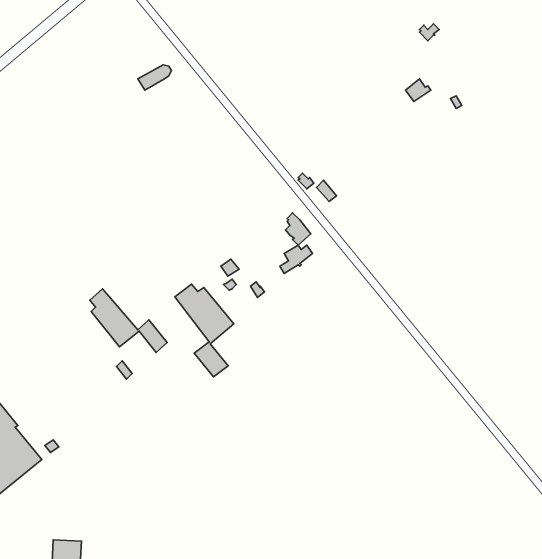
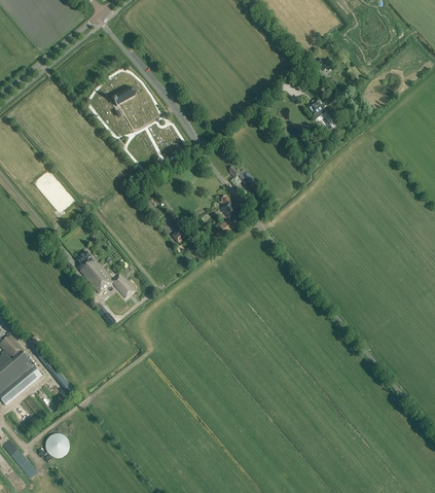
building: [175,284,234,377] -> none

